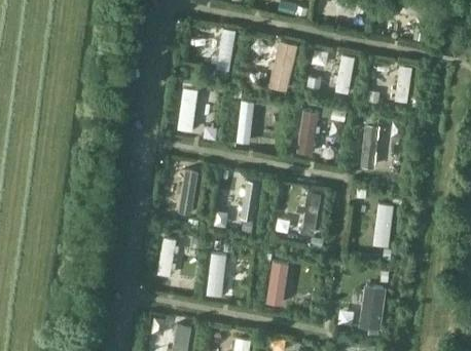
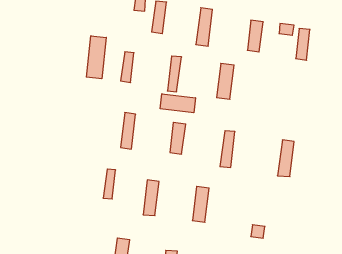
building: none -> [86,36,106,79]
building: [361,125,383,170] -> none
building: none -> [160,94,195,113]
building: [360,285,384,330] -> none

